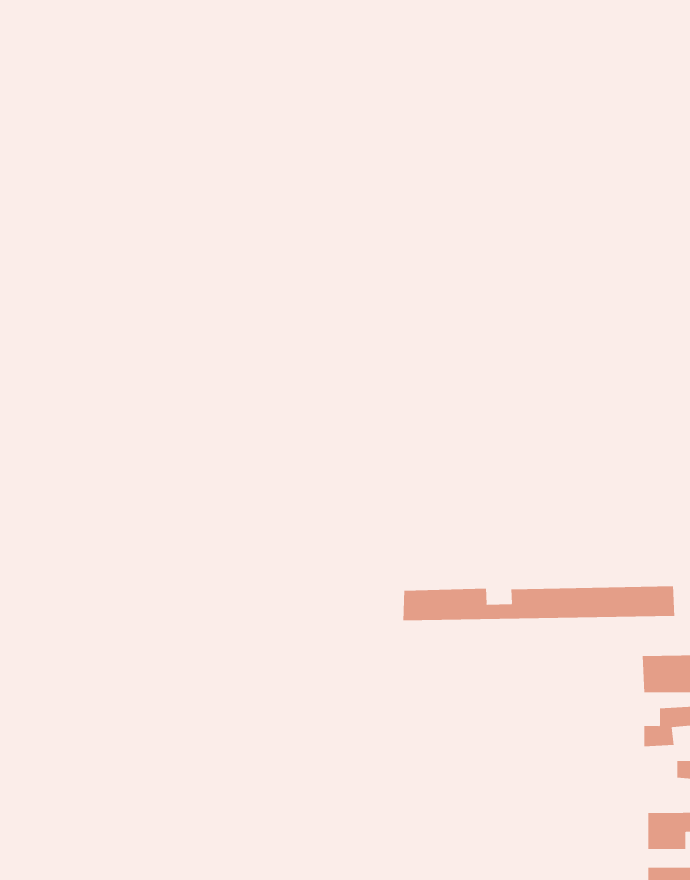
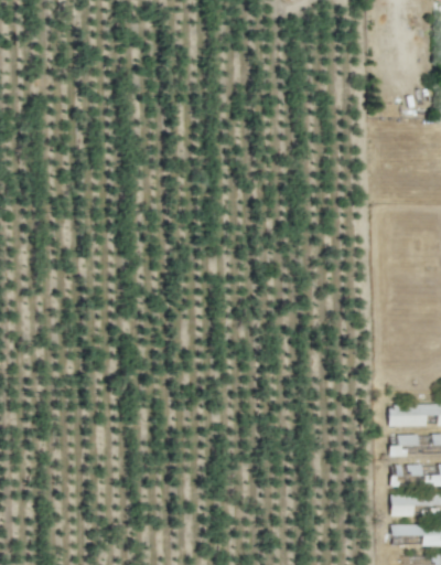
building: [403,585,675,621] -> none

